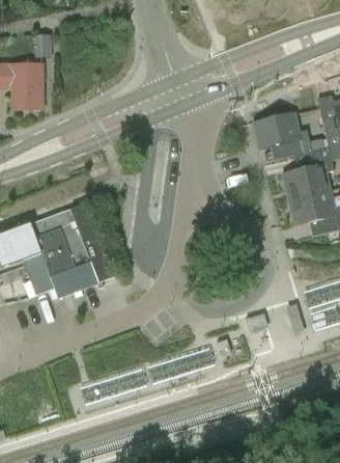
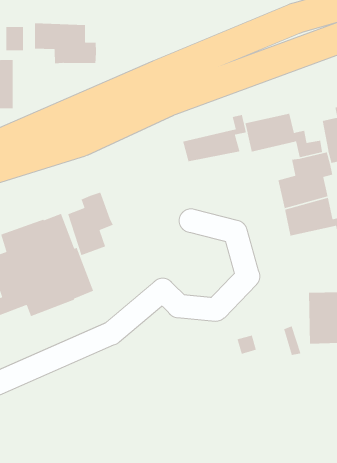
building: none -> [34,22,97,64]
building: none -> [182,114,247,162]
building: none -> [67,192,114,256]

